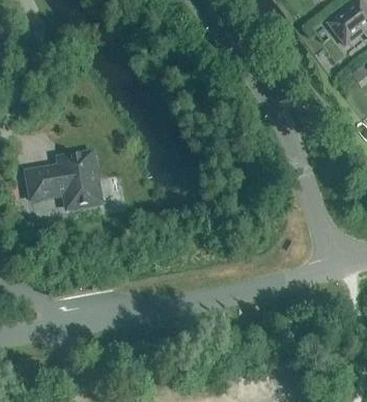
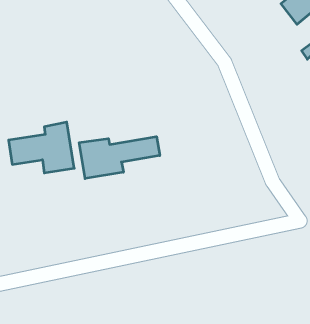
building: none -> [79,137,160,179]

